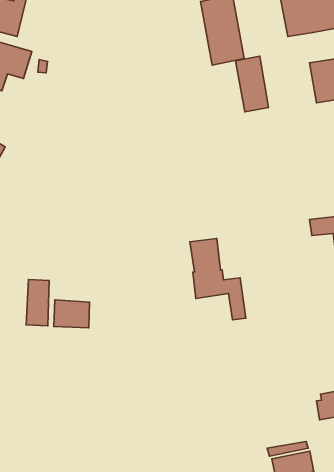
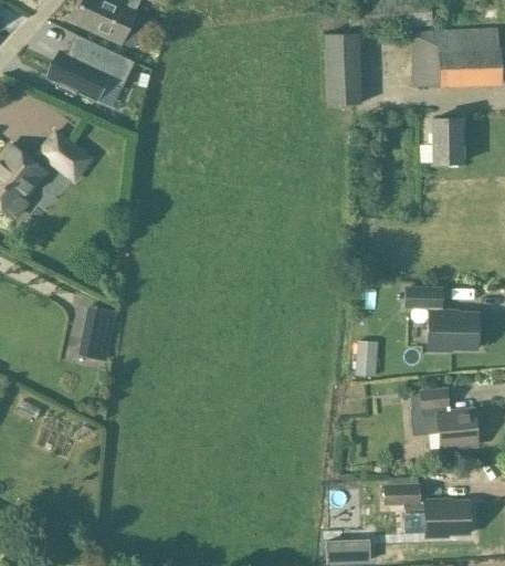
building: [235,56,268,112] -> none
building: [190,239,246,320] -> none
building: none -> [355,338,378,374]
building: [54,300,90,328] -> none

